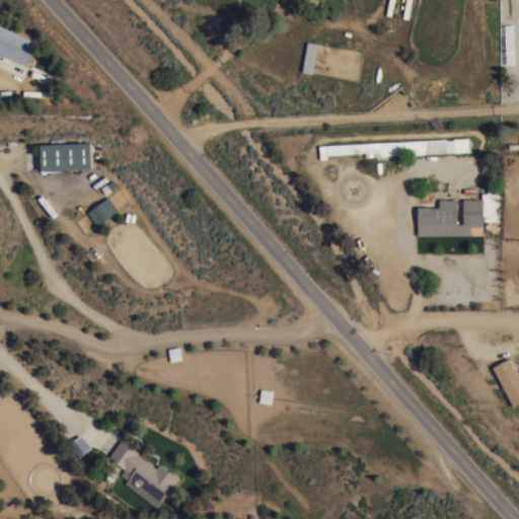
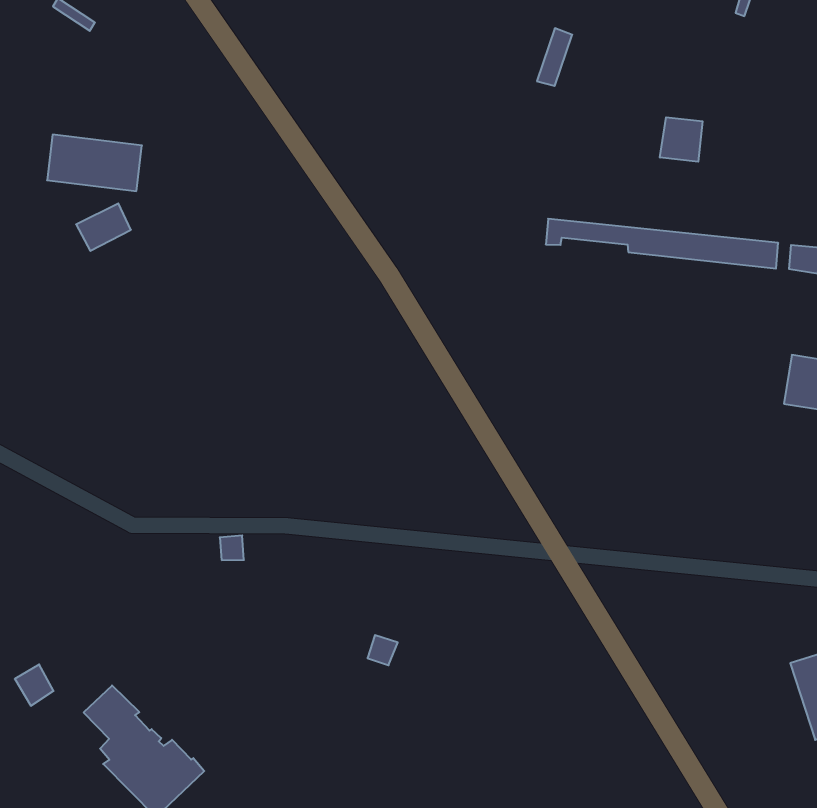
building: none -> [660,117,703,162]
building: [88,198,119,226] -> [76,203,131,251]
building: [419,200,458,227] -> none

